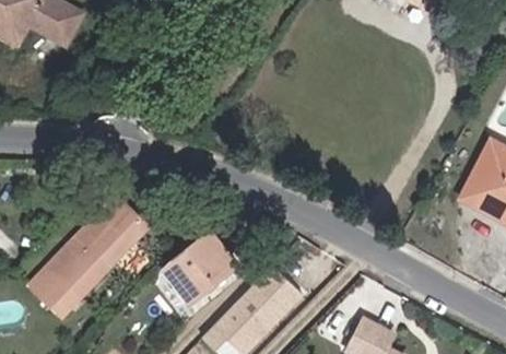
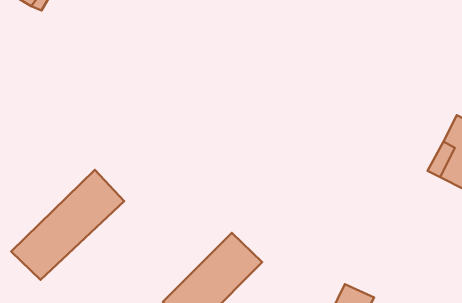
building: [170,237,239,307] -> none

